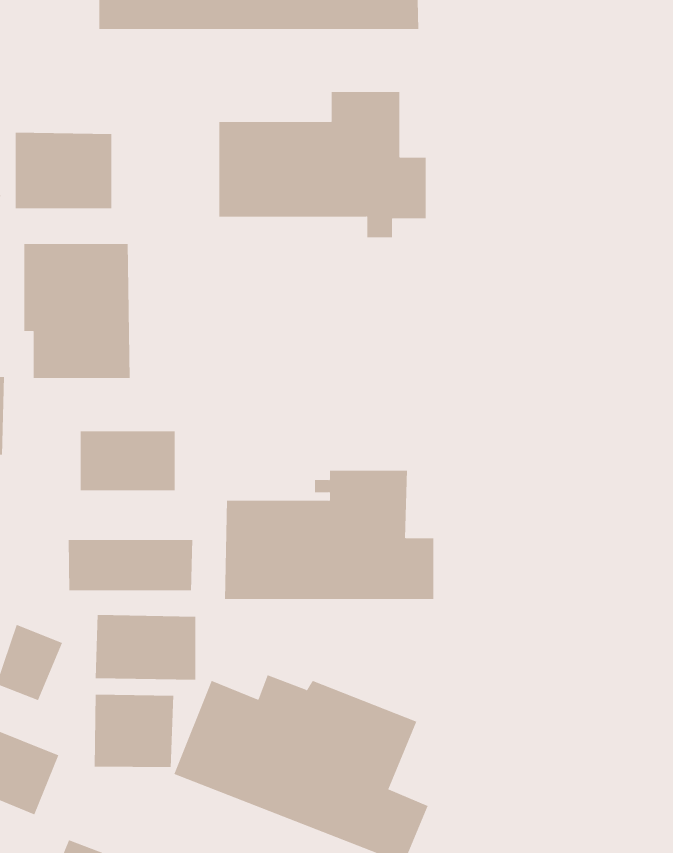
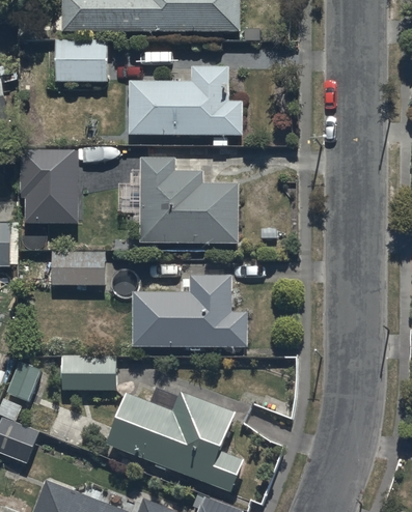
building: [15,132,112,209] -> [53,39,107,82]
building: none -> [139,158,239,244]
building: [68,539,193,591] -> none
building: [94,694,174,768] -> none

